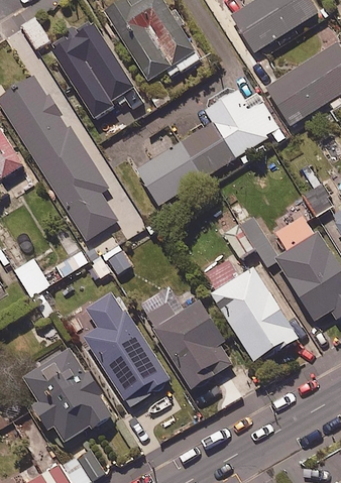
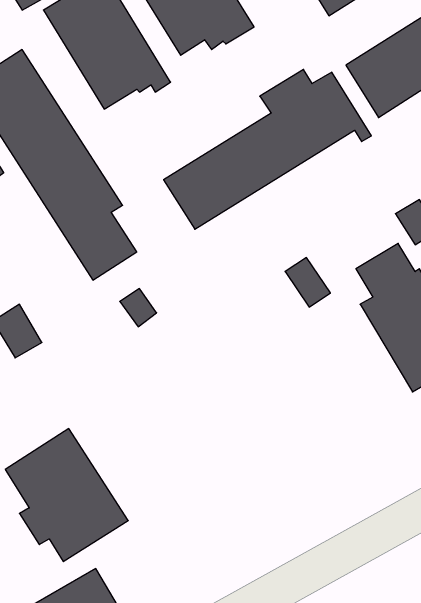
building: [211,262,297,360] -> none
building: [139,285,231,388] -> none
building: [83,291,170,407] -> none

